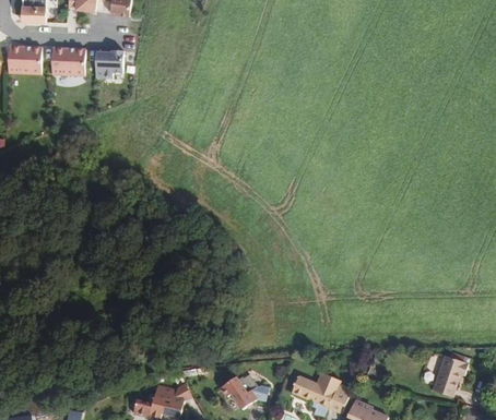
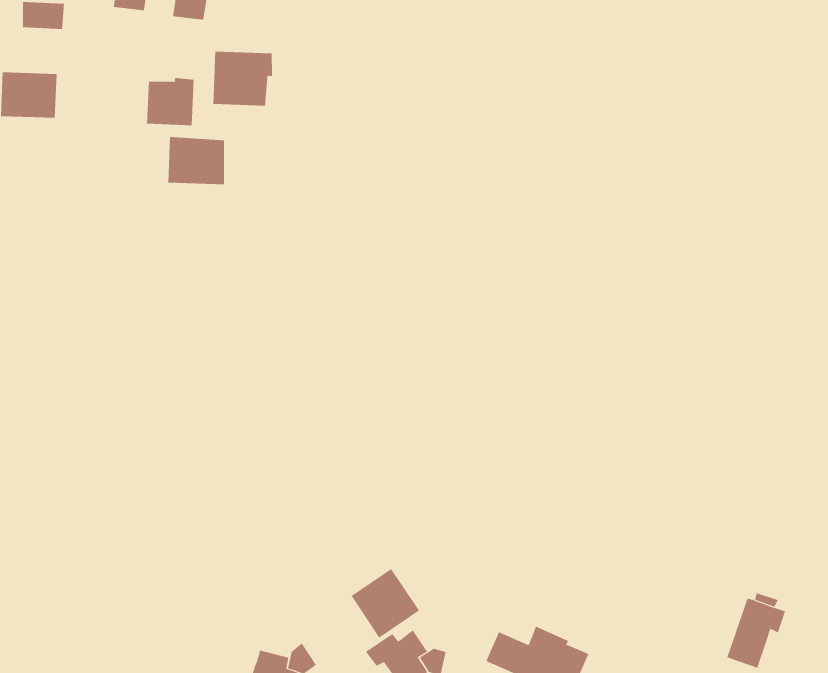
building: none -> [213,51,272,107]
building: [48,46,82,74] -> [167,137,225,185]
building: none -> [351,568,420,638]

